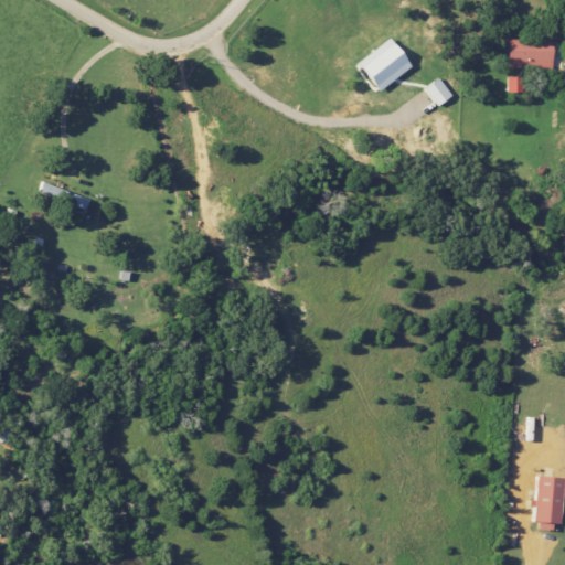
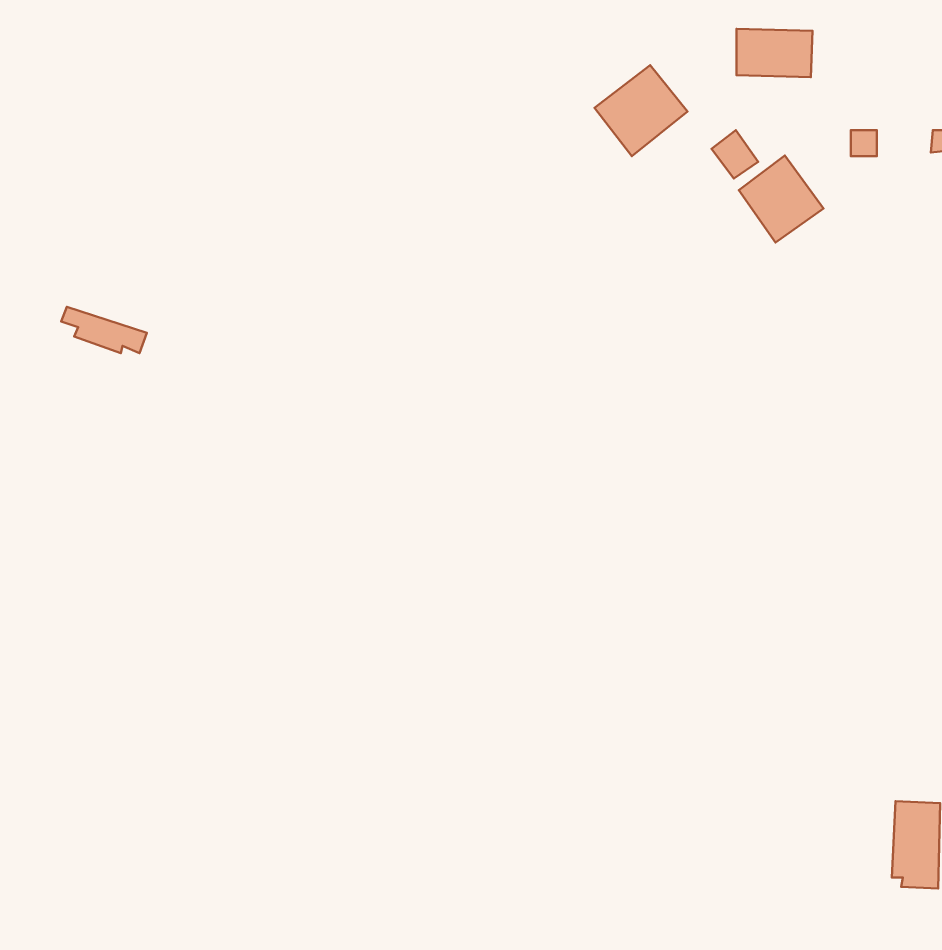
building: [510,40,555,68] -> [736,29,813,77]
building: none -> [739,156,824,243]

